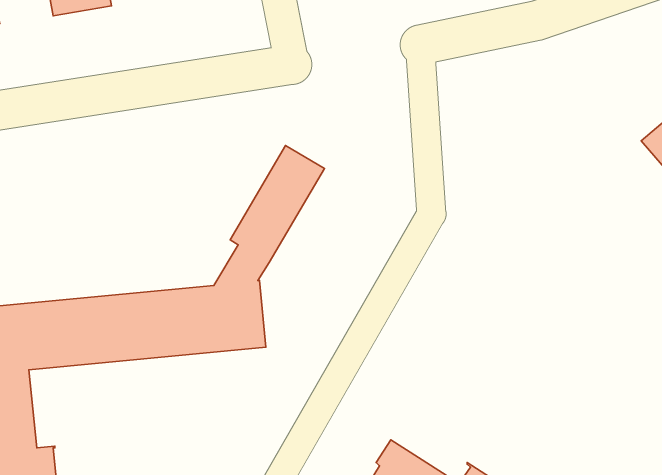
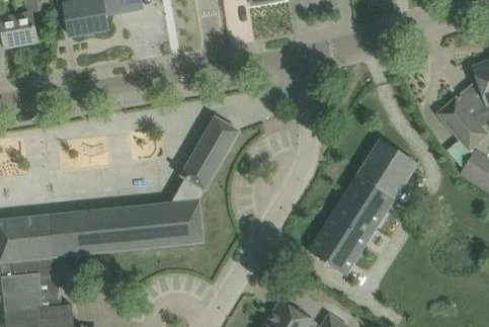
building: none -> [309,139,416,274]

